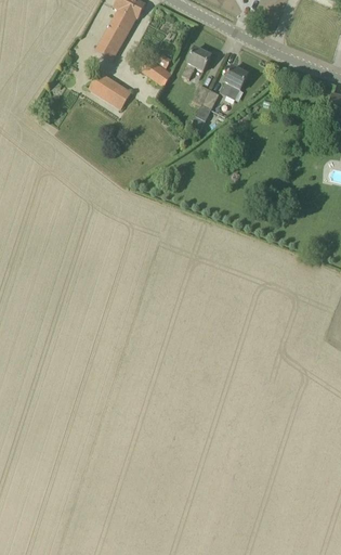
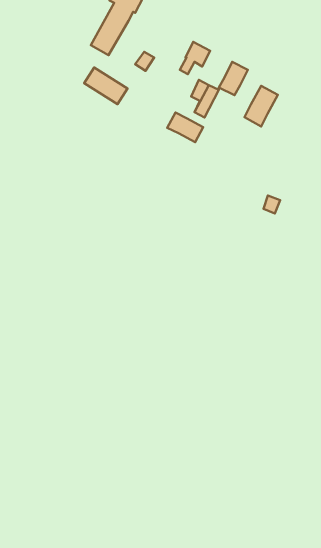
building: none -> [245,86,278,126]
building: none -> [167,113,203,142]

